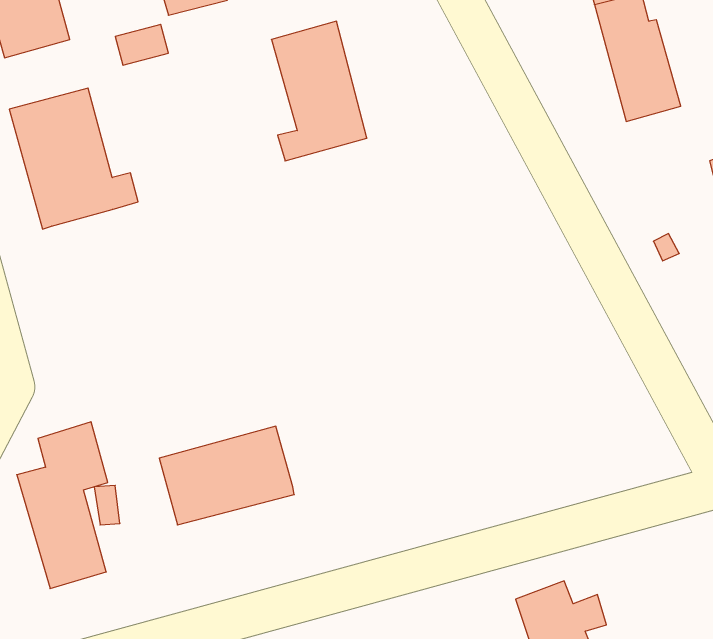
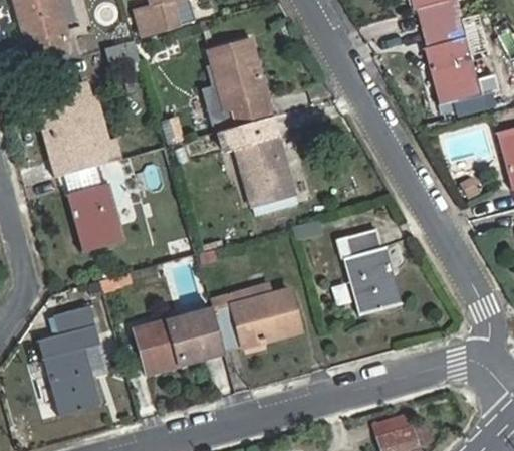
building: none -> [218,117,291,201]
building: none -> [63,164,124,250]
building: none -> [338,229,399,315]
building: none -> [210,283,301,348]

